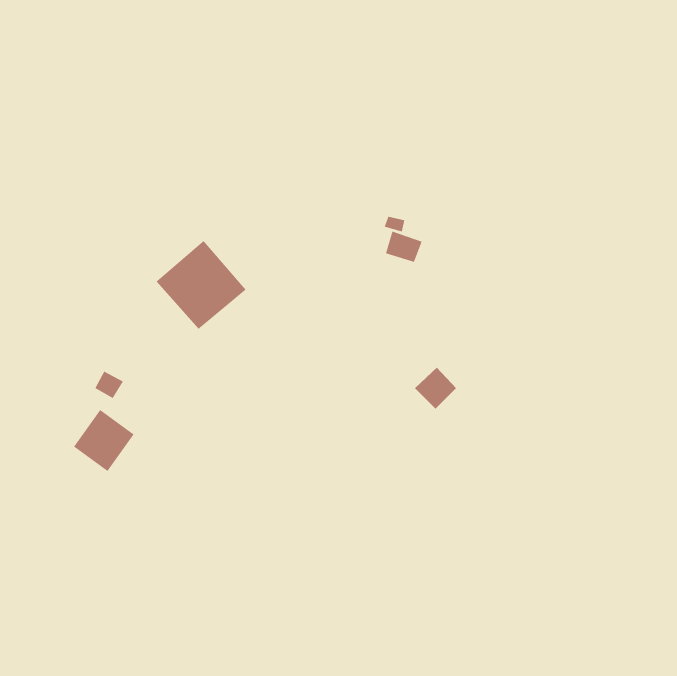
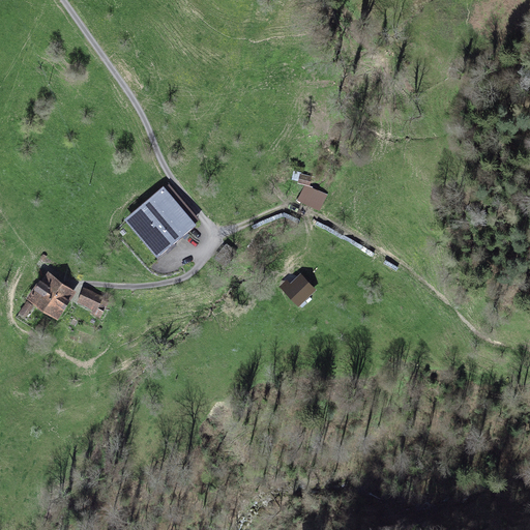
building: [414,367,457,409] -> [284,274,317,307]
building: [73,409,135,472] -> [26,271,73,320]

